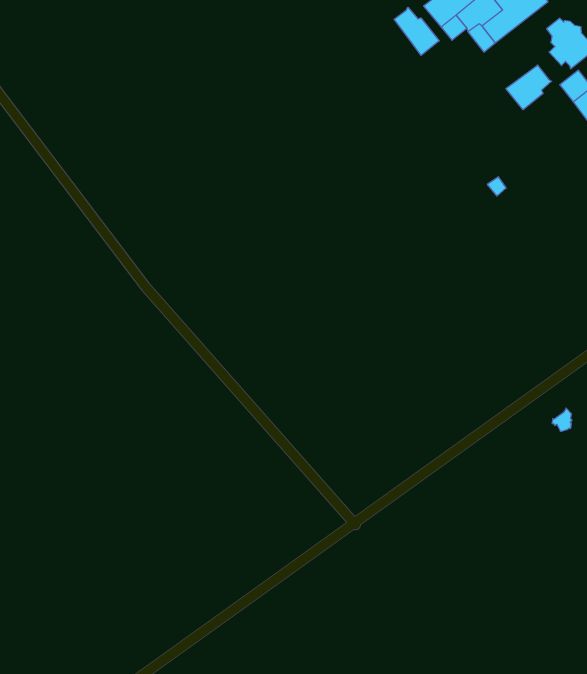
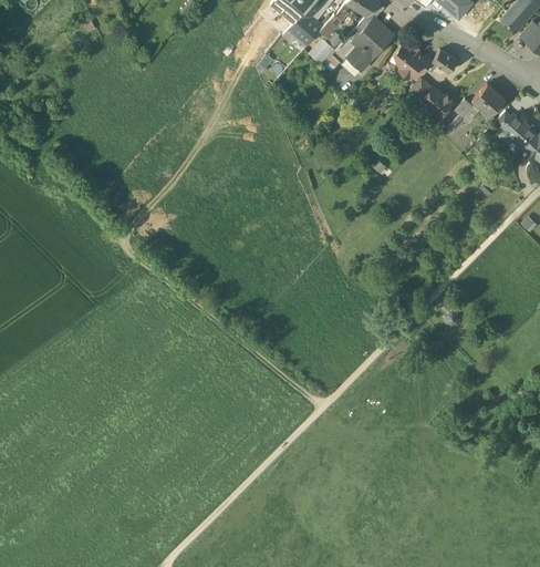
building: [394,7,439,55] -> none
building: [506,65,552,110] -> none

